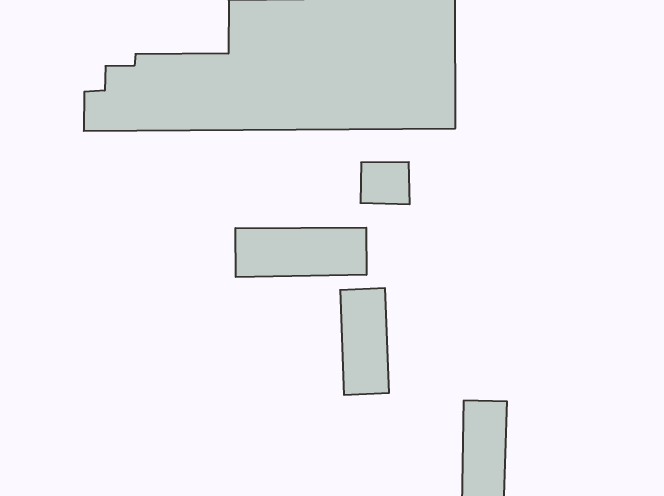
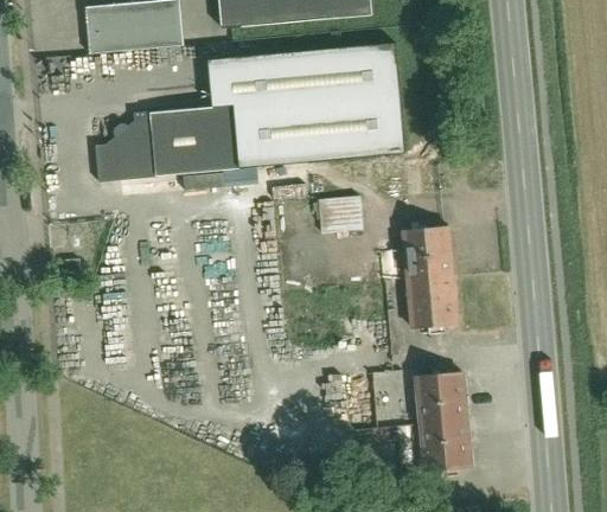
building: [235,228,366,277] -> none
building: [340,288,389,395] -> [409,225,456,315]

